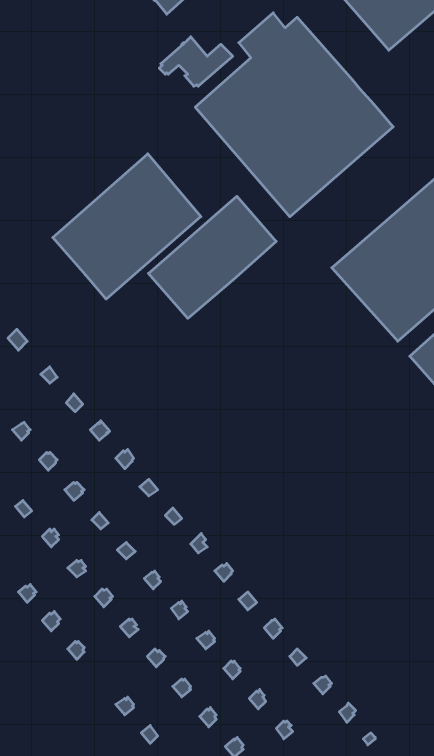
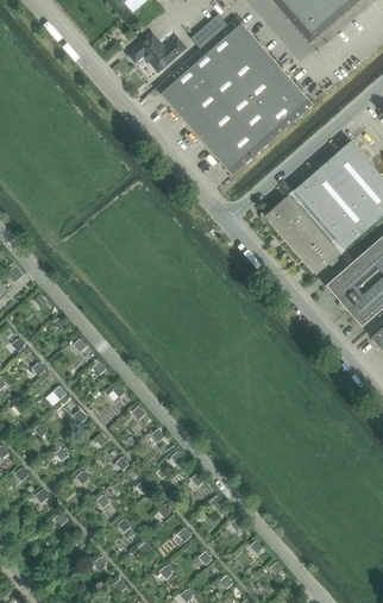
building: [53,154,201,299] -> none
building: [148,196,276,318] -> none

